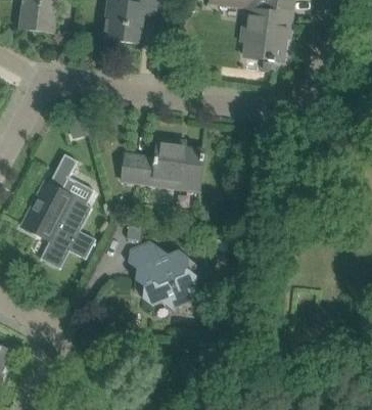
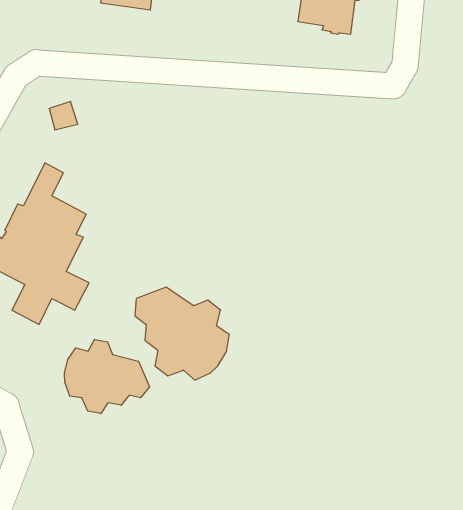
building: [121,137,204,186] -> none
building: none -> [65,339,149,414]

